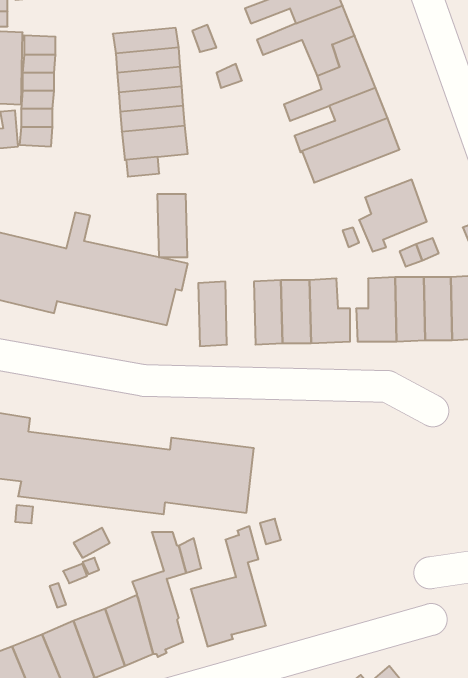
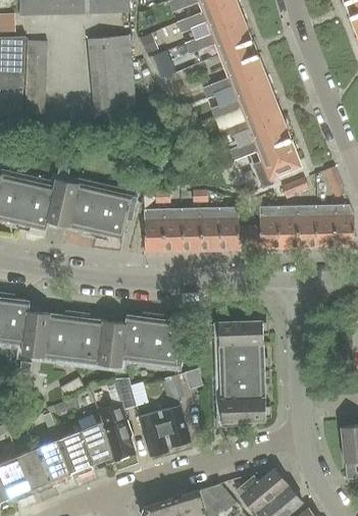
building: none -> [225,118,289,162]
building: [157,194,187,257] -> [162,208,183,251]
building: none -> [218,320,265,421]

